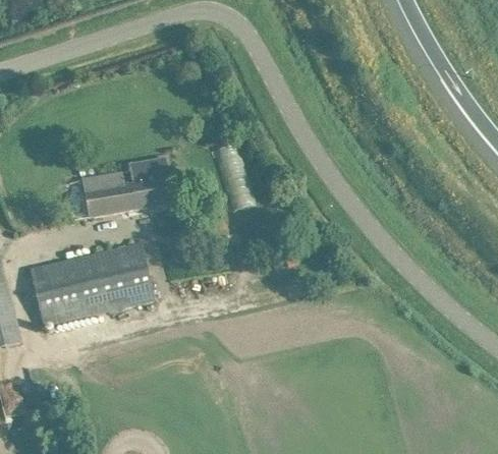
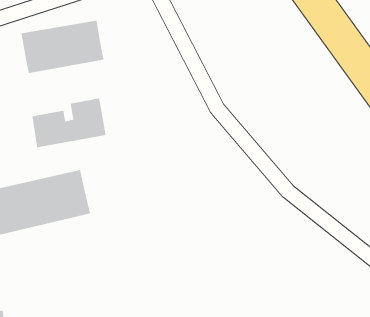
building: none -> [21,20,104,74]

